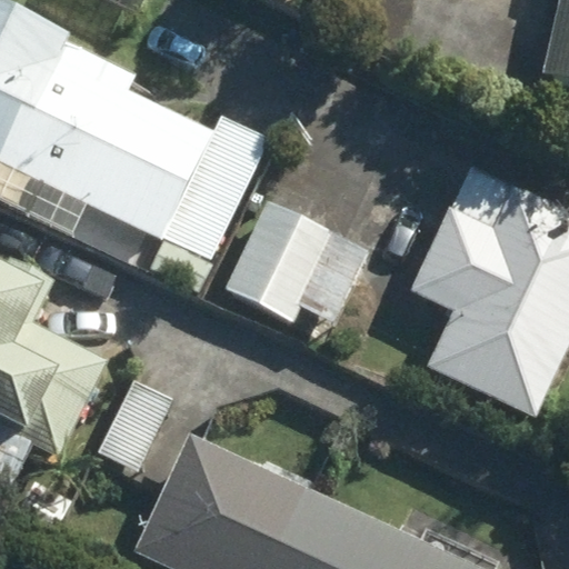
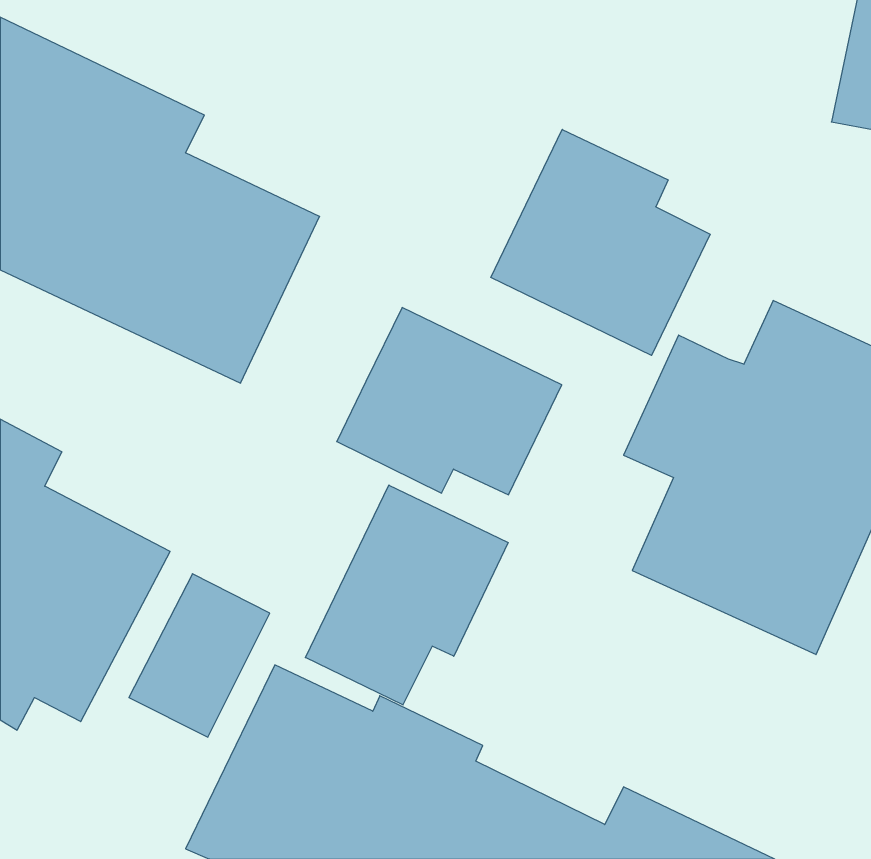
building: none -> [491,129,710,355]
building: none -> [305,485,508,705]

